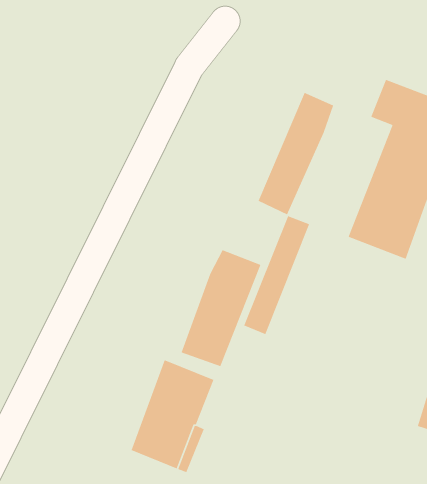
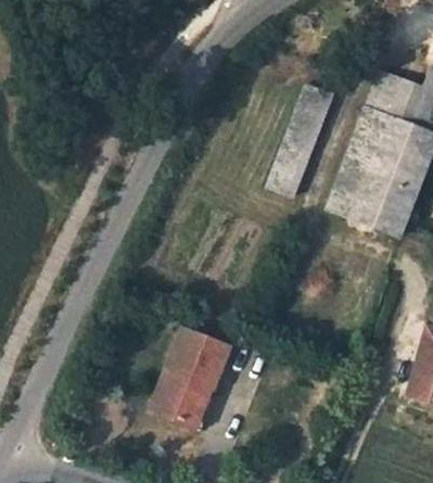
building: [243,215,310,335] -> [326,107,386,216]
building: [181,249,261,367] -> none

